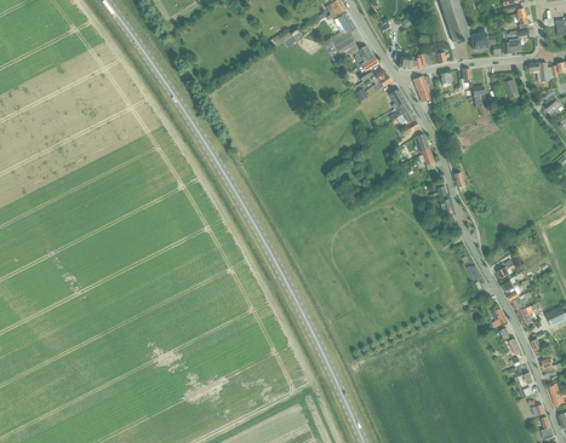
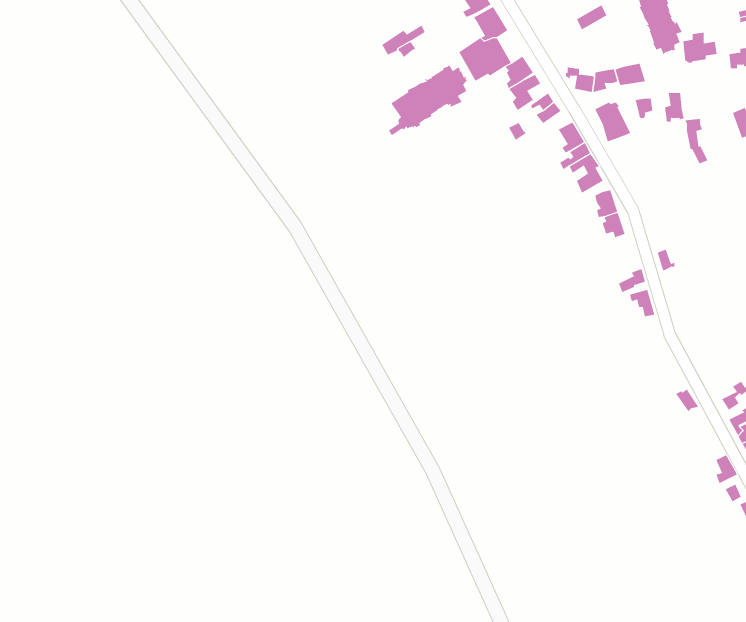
building: none -> [388,64,469,136]

